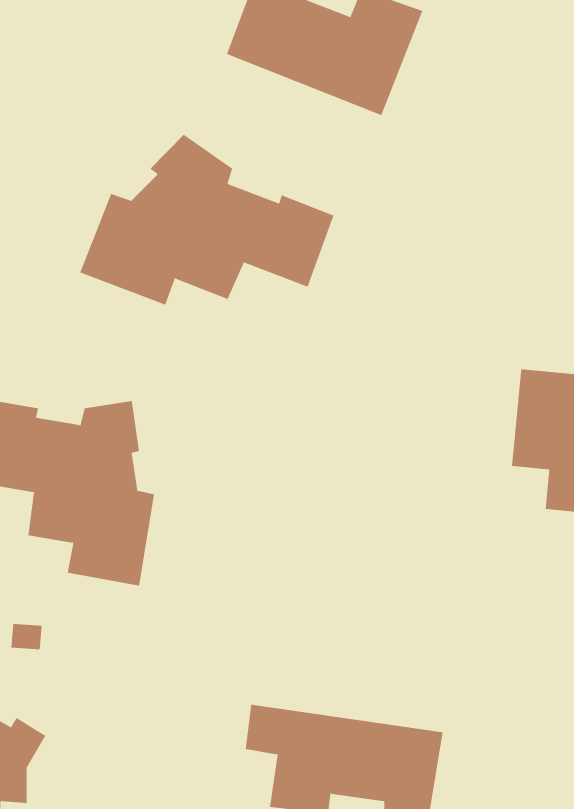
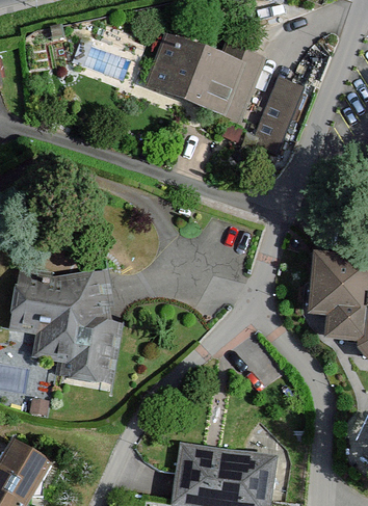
building: none -> [253,78,304,153]
building: [80,134,334,306] -> none

